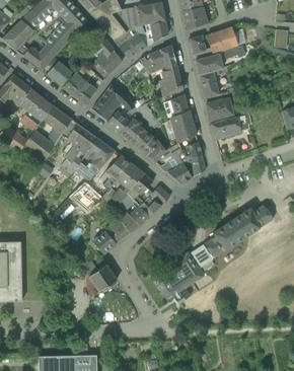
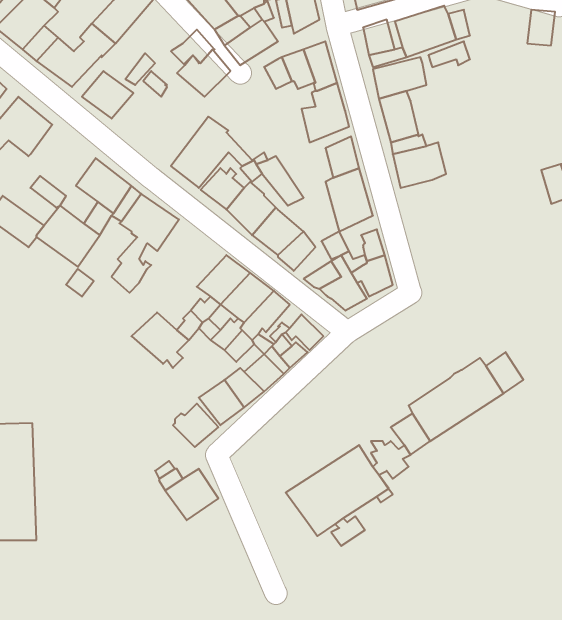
building: [63,72,96,104] -> none
building: [19,88,53,120] -> none
building: [211,116,245,141] -> none
building: [75,138,115,179] -> none

